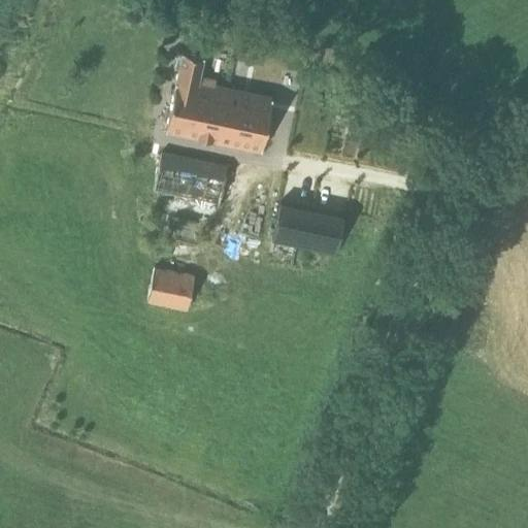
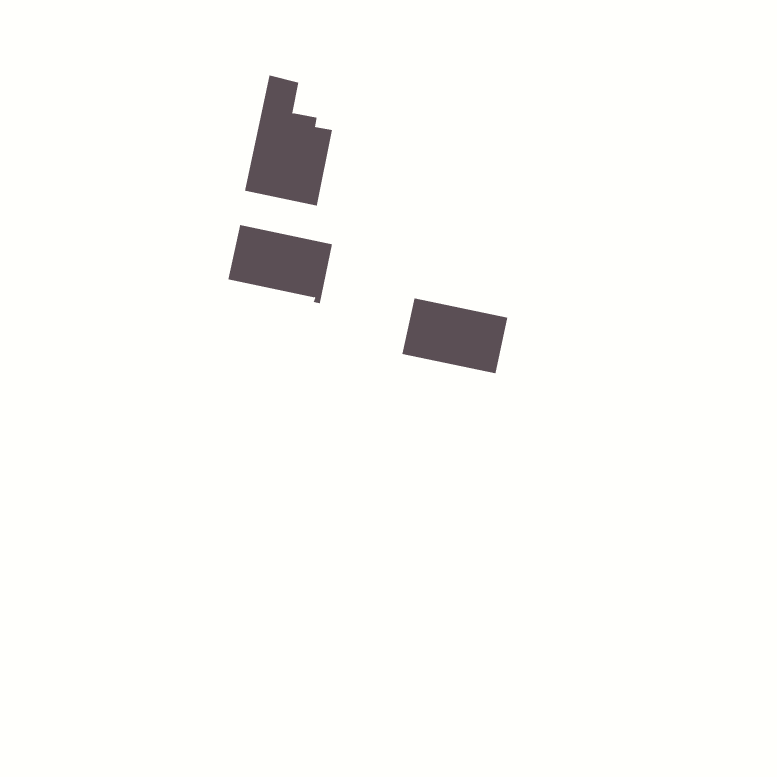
building: [217,90,272,151] -> none
building: [150,268,196,309] -> none

